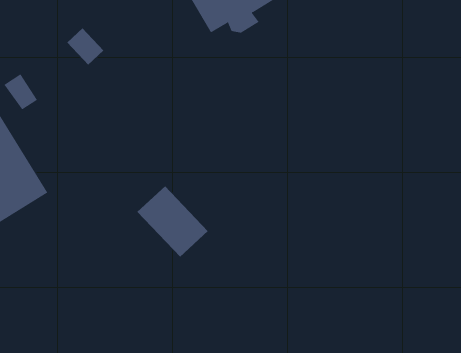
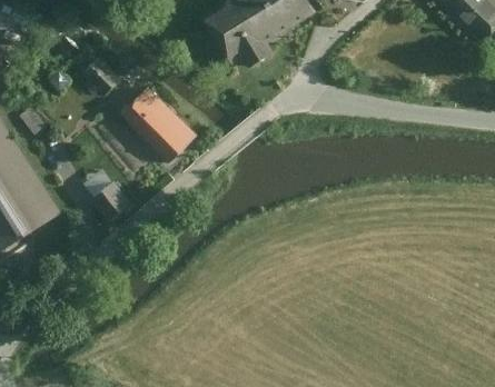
building: none -> [92,181,131,220]
building: [137,185,209,258] -> [123,90,194,160]

